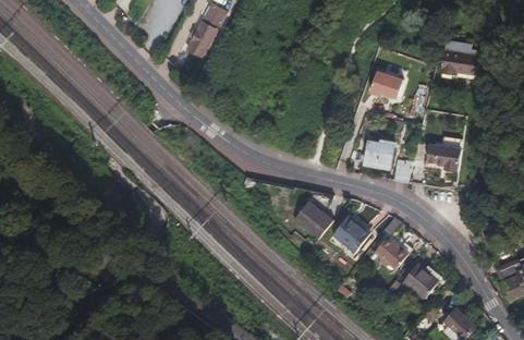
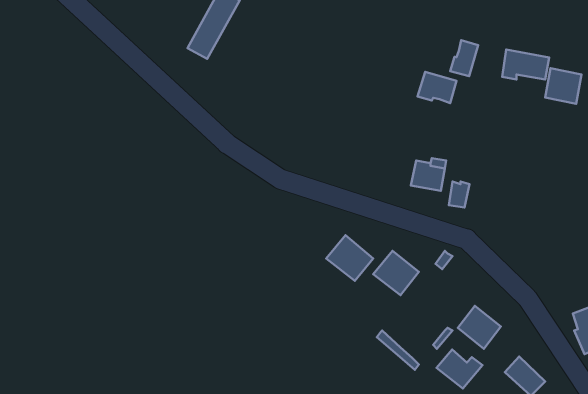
building: none -> [450,40,478,76]
building: none -> [545,68,581,104]
building: [428,136,463,171] -> none
building: [374,236,412,269] -> [437,349,482,389]

